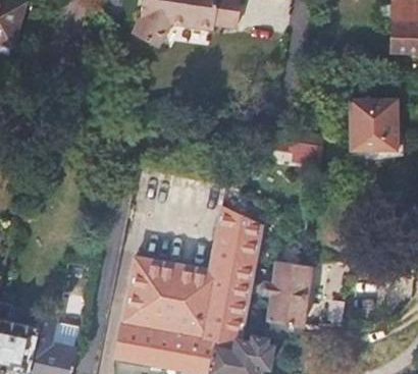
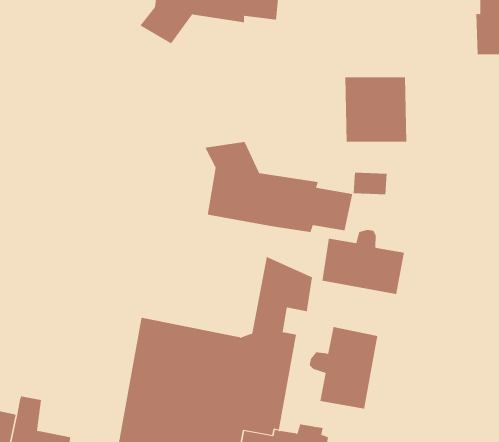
building: [348,100,396,150] -> [345,77,407,142]
building: none -> [204,141,353,233]
building: none -> [322,229,405,295]

